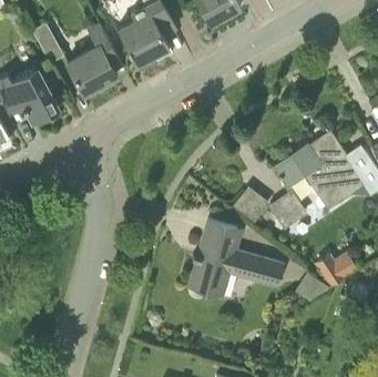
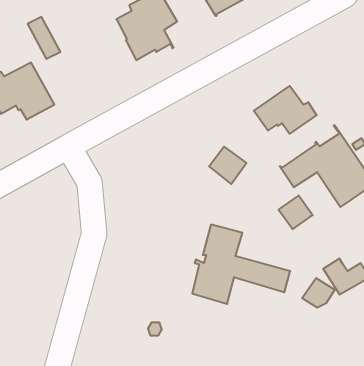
building: [68,23,120,94] -> none
building: none -> [254,86,317,134]
building: [237,185,273,221] -> [209,147,246,184]

